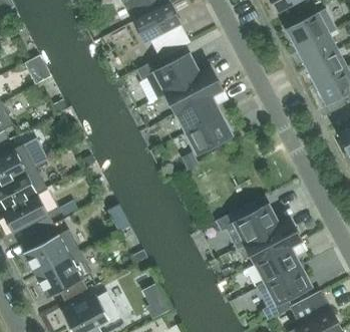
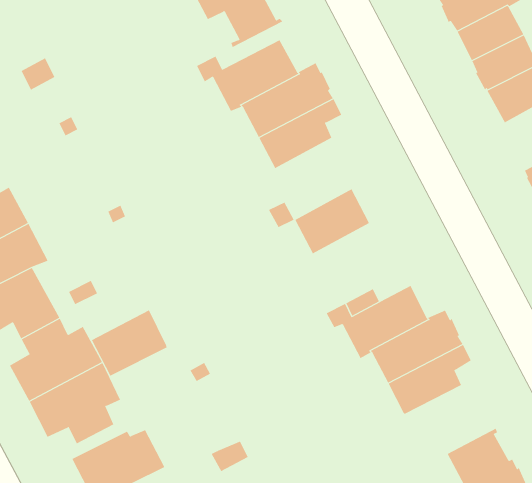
building: [186,113,232,153] -> [295,189,370,254]
building: none -> [91,310,167,376]
building: [257,265,312,319] -> none

